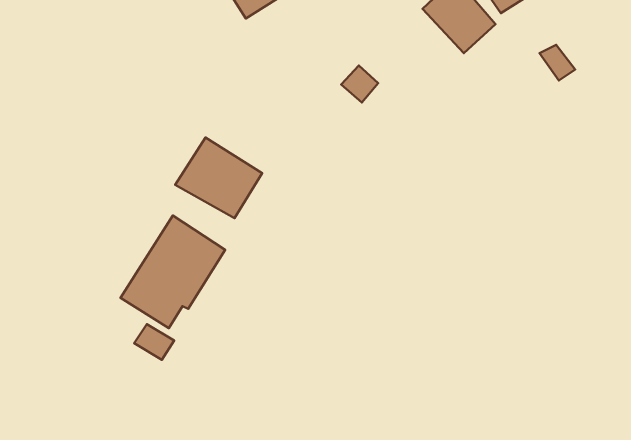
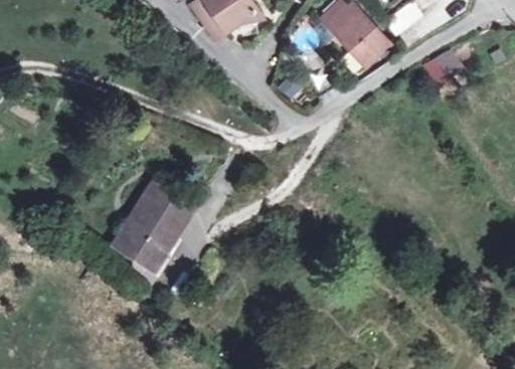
building: [175,138,262,218] -> none

